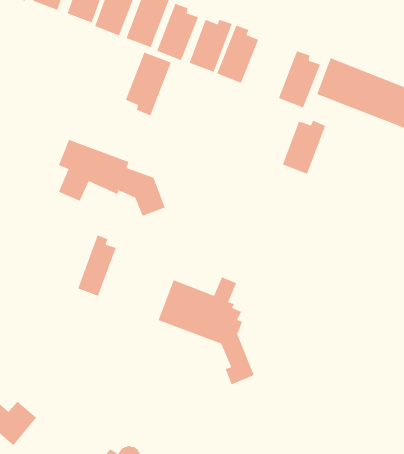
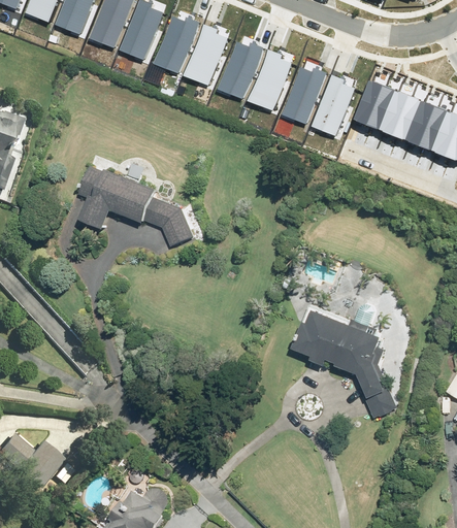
building: [125,51,172,116] -> none
building: [282,120,326,175] -> [280,66,326,124]
building: [77,234,117,297] -> none
building: [157,276,255,385] -> [294,303,396,418]

